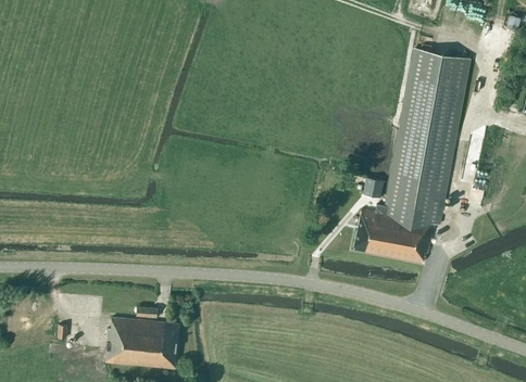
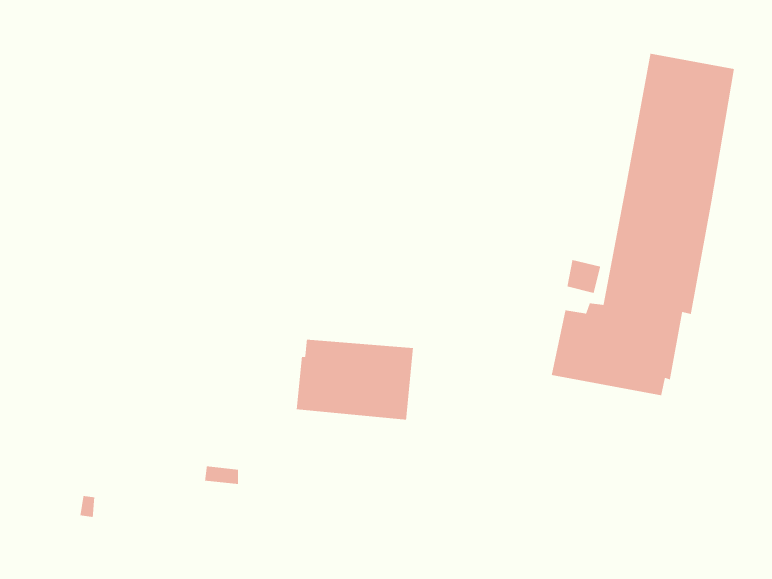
building: [107,318,180,369] -> [296,339,414,420]

